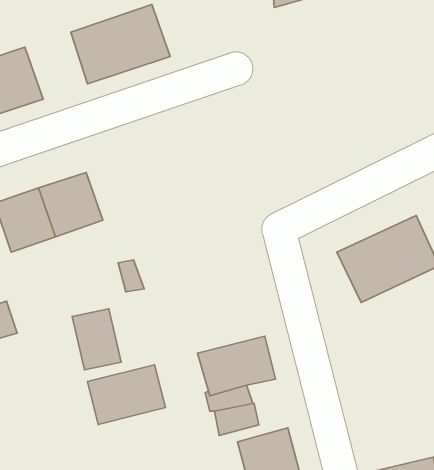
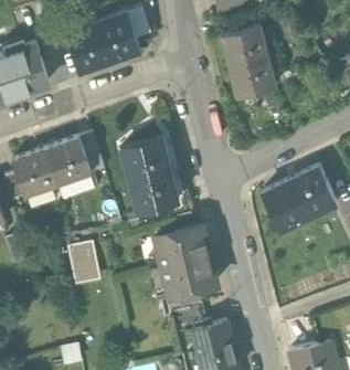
building: none -> [220,27,274,98]
building: none -> [125,138,178,210]
building: [87,365,165,424] -> [152,224,209,267]

